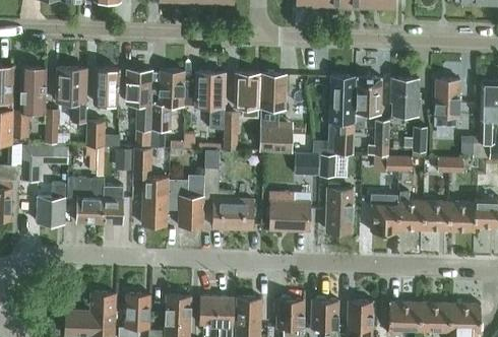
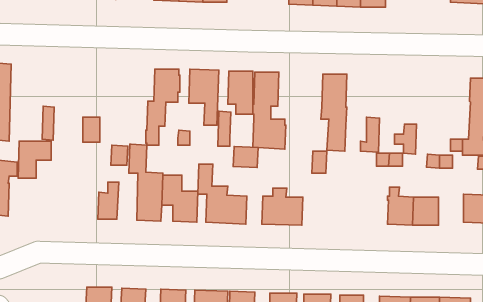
building: [12,66,46,136] -> none
building: [56,67,86,121] -> none
building: [94,68,119,103] -> none
building: [126,69,151,148] -> none
building: [354,76,381,128] -> none
building: [390,77,419,115] -> none
building: [434,79,459,126] -> none
building: [294,153,319,175] -> [233,146,258,167]
building: [76,177,103,223] -> none
building: [36,183,65,222] -> none
building: [325,183,353,231] -> none
building: [369,193,397,232] -> none
building: [448,201,474,230] -> none

